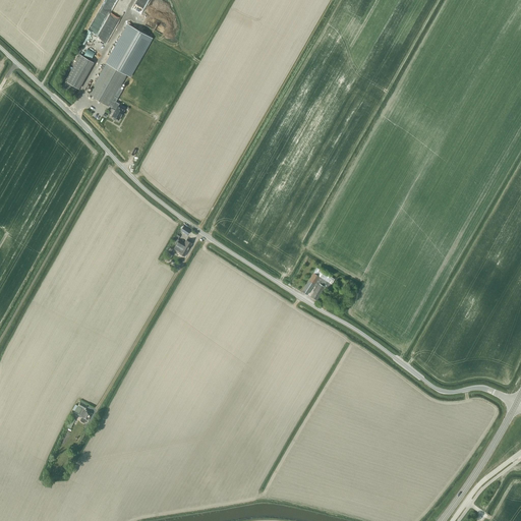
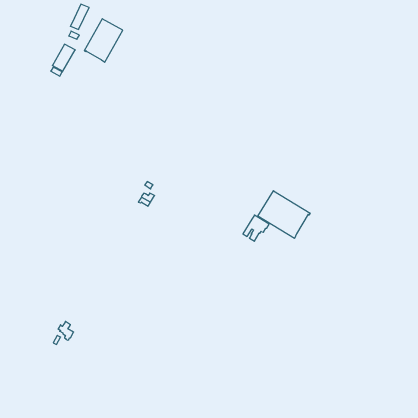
building: [89,63,126,121] -> none
building: none -> [258,191,310,238]

